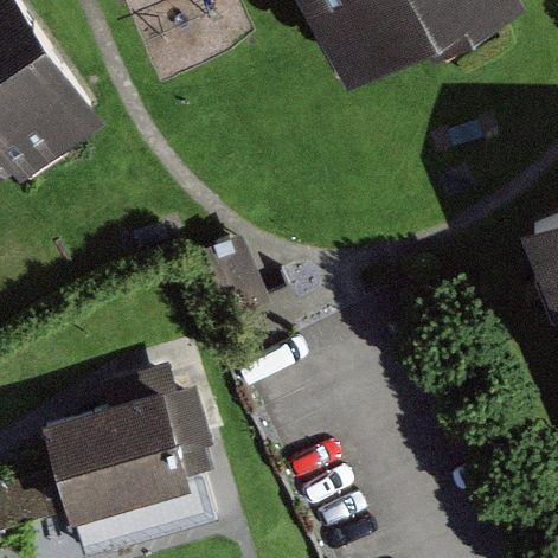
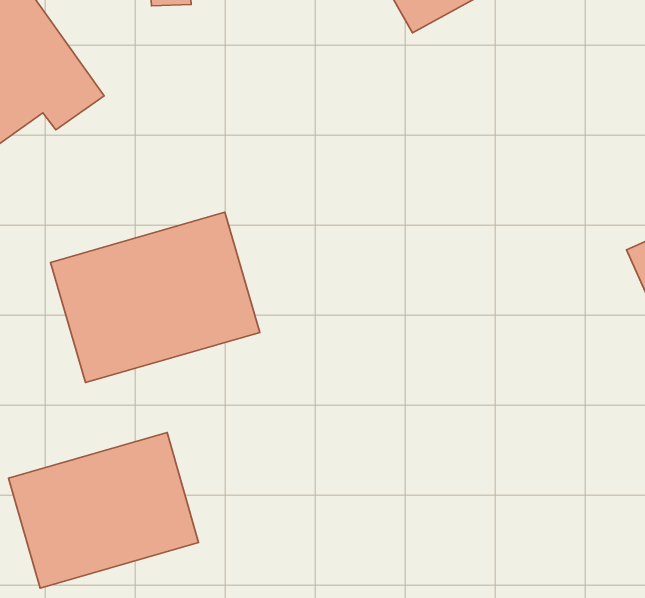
building: none -> [50,212,260,383]

